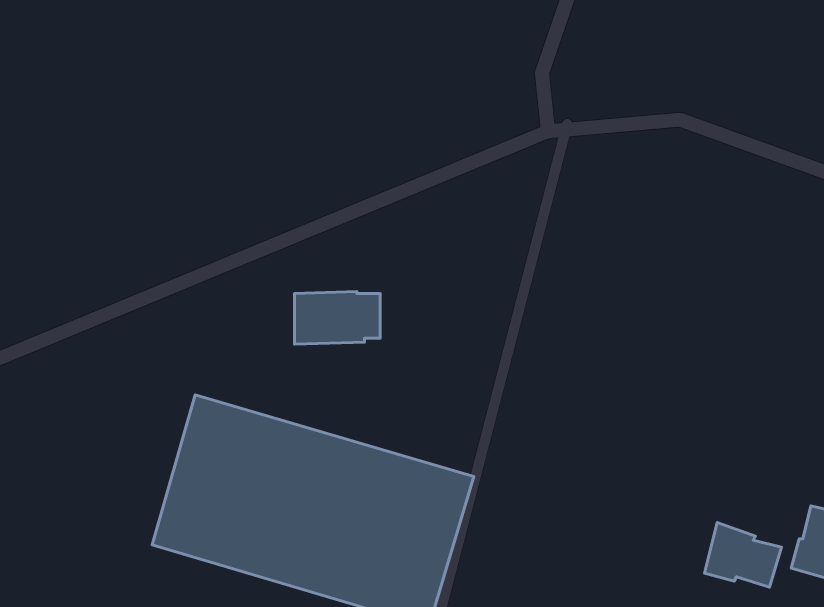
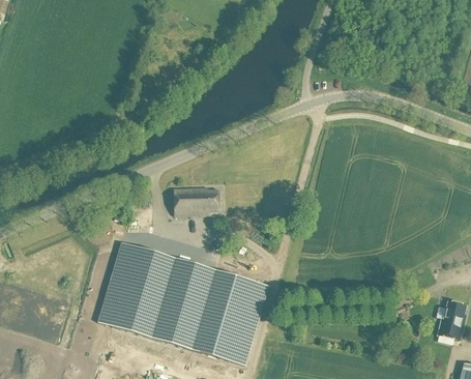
building: [704,523,781,587] -> none

